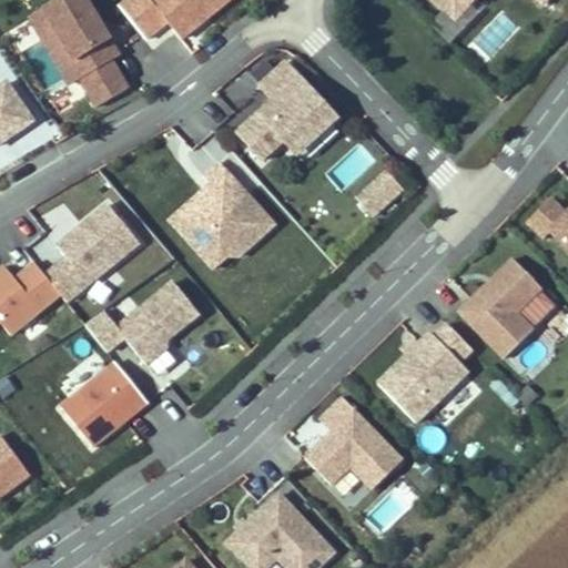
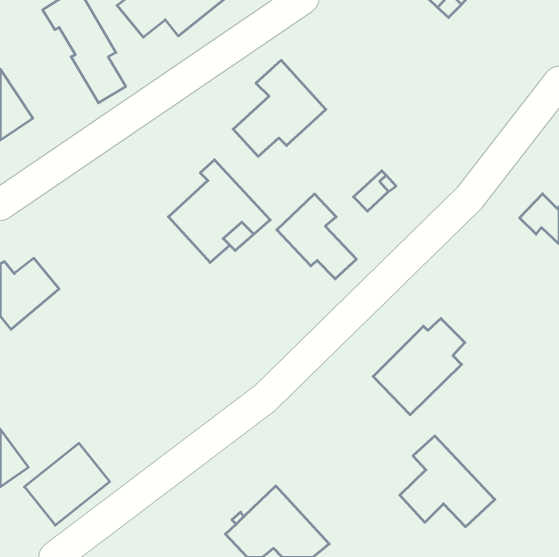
building: none -> [277,194,356,279]
building: [45,203,139,301] -> none
building: [459,257,541,357] -> none
building: [85,281,199,363] -> none
building: [61,362,148,445] -> [24,443,110,525]
building: [305,397,402,489] -> [400,436,495,527]

